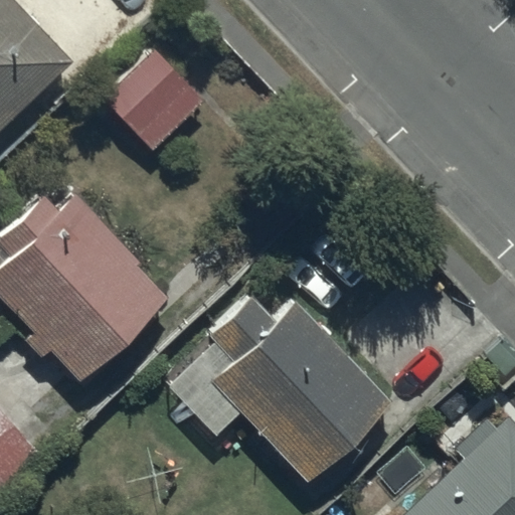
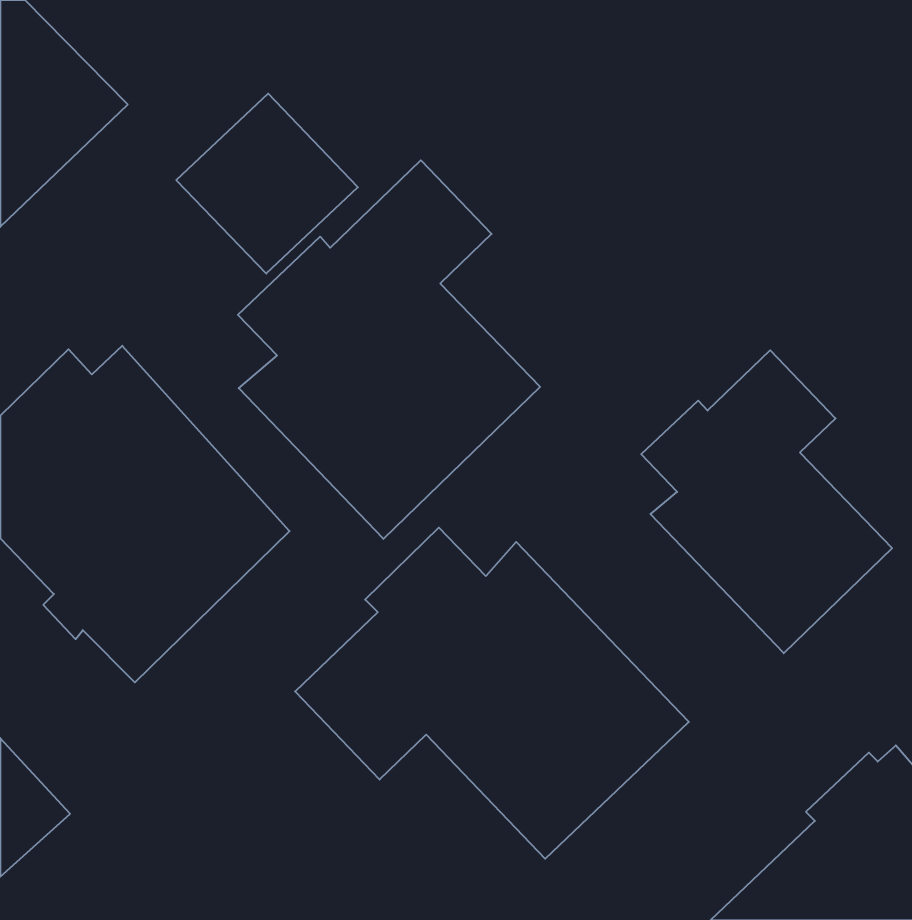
building: none -> [238,160,540,539]
building: none -> [641,350,892,653]

